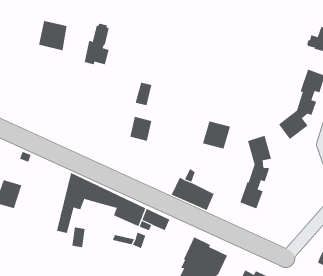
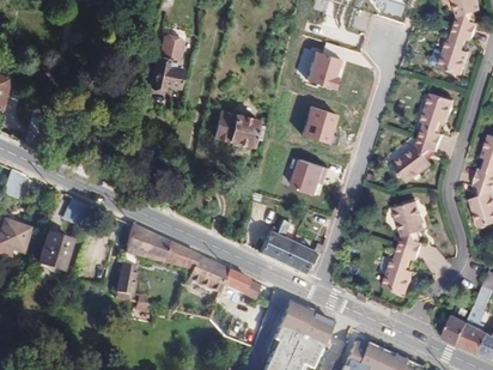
building: [38,20,67,51] -> none
building: none -> [310,48,345,90]
building: none -> [300,107,334,141]
building: [130,116,152,142] -> [227,113,256,145]
building: [240,135,272,209] -> [383,200,424,293]

